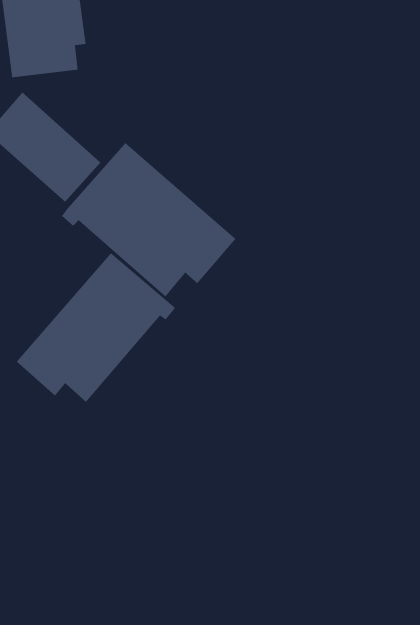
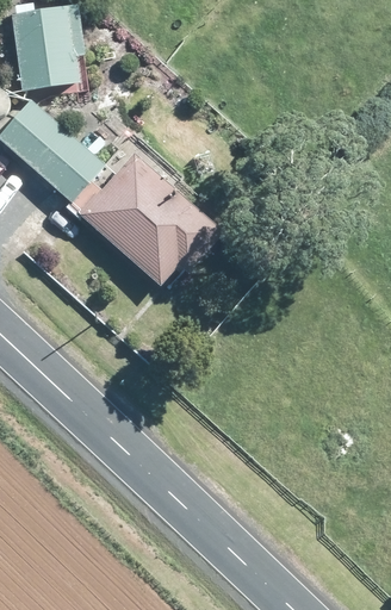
building: [16,252,176,403] -> none

